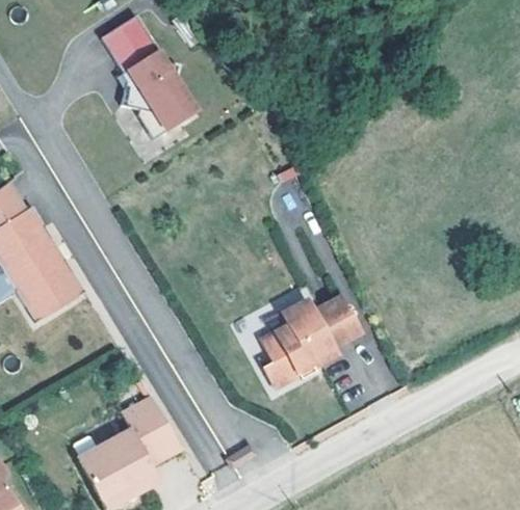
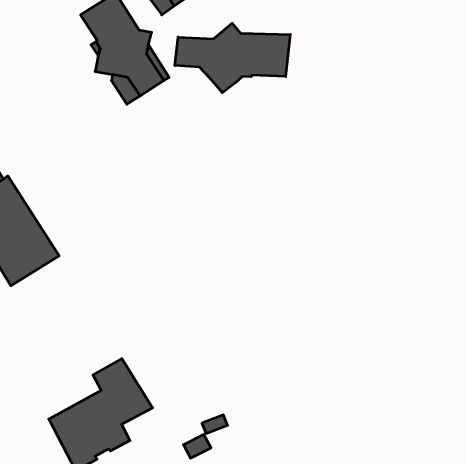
building: none -> [175,23,290,93]
building: [265,293,366,383] -> none

